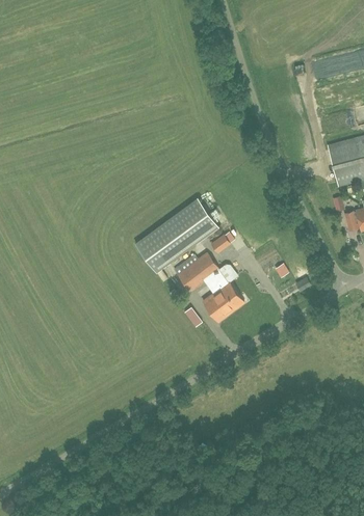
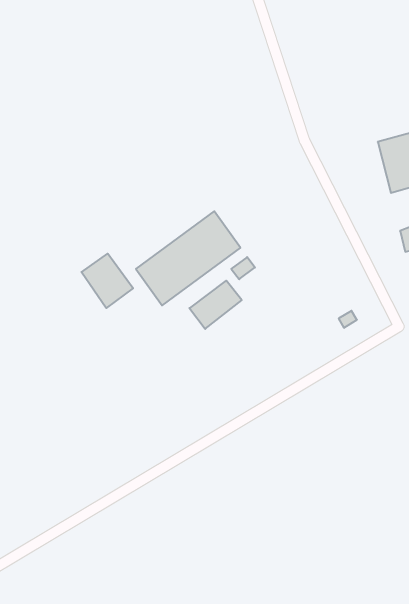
building: none -> [81,254,133,308]
building: [203,272,244,321] -> none

